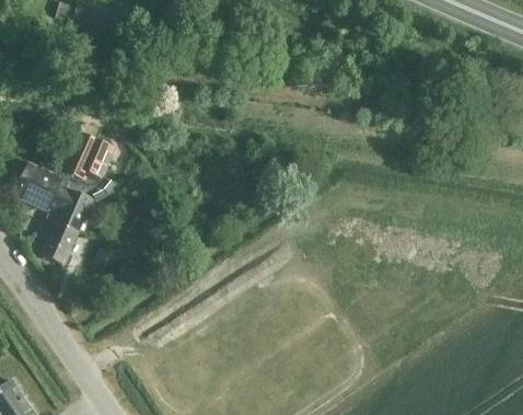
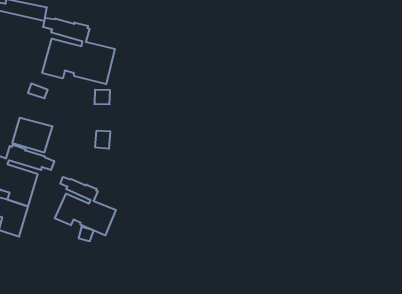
building: none -> [42,18,115,84]
building: none -> [55,177,116,235]

